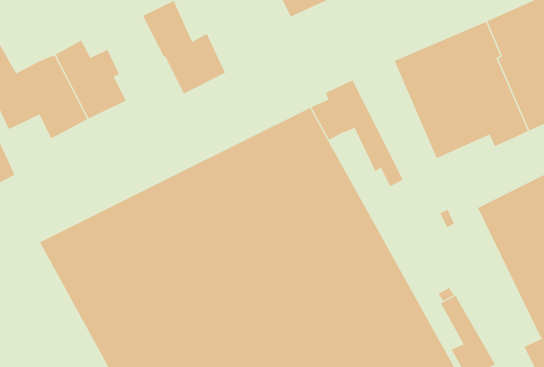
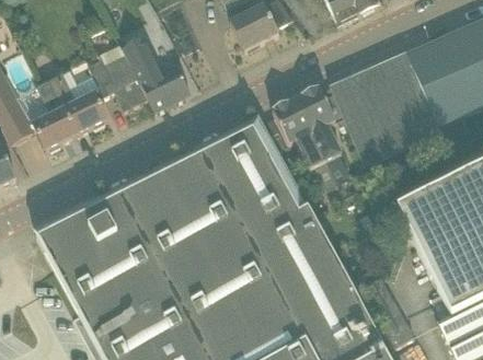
building: none -> [89,43,154,109]
building: none -> [296,88,347,179]

